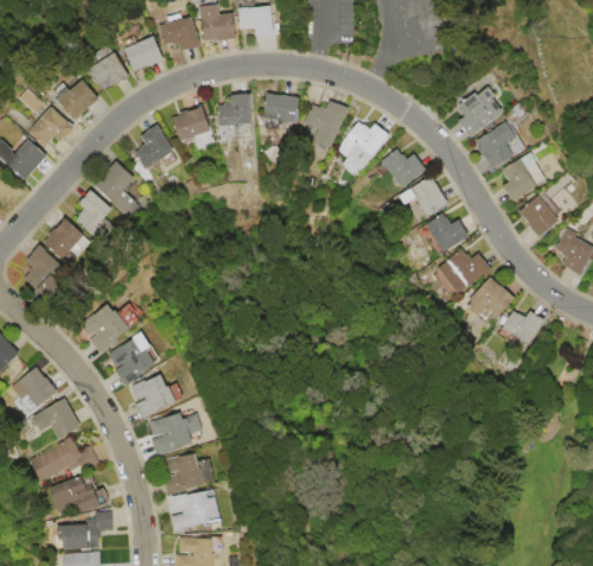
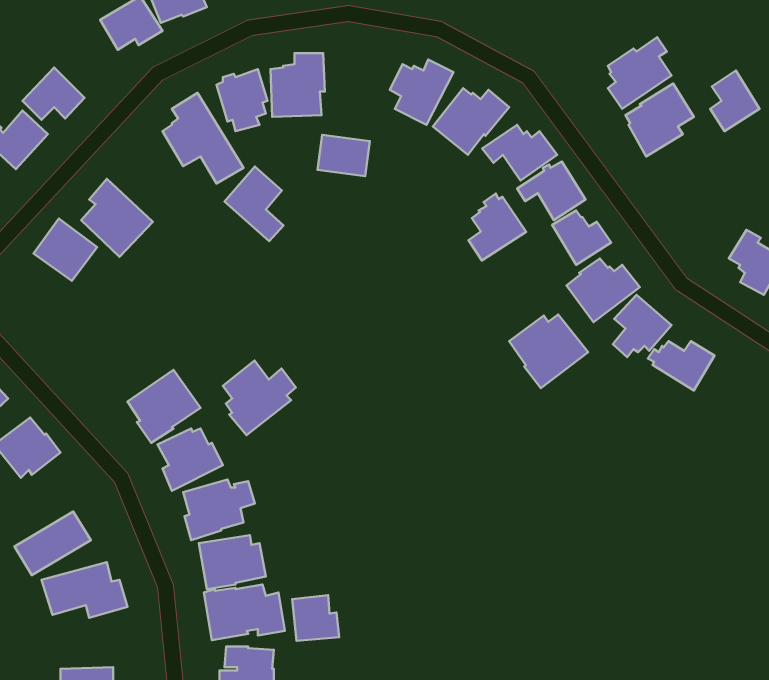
building: [55,80,101,121] -> none
building: [262,93,301,123] -> [317,135,370,176]
building: [505,158,542,203] -> [710,71,760,131]
building: [94,160,138,216] -> [224,166,283,241]
building: [519,195,562,237] -> none
building: none -> [469,194,526,260]
building: [21,244,70,298] -> none
building: none -> [509,314,588,388]
building: [82,298,136,354] -> [223,360,296,435]
building: [18,399,81,441] -> none
building: none -> [292,595,339,641]
building: [51,513,110,551] -> none

